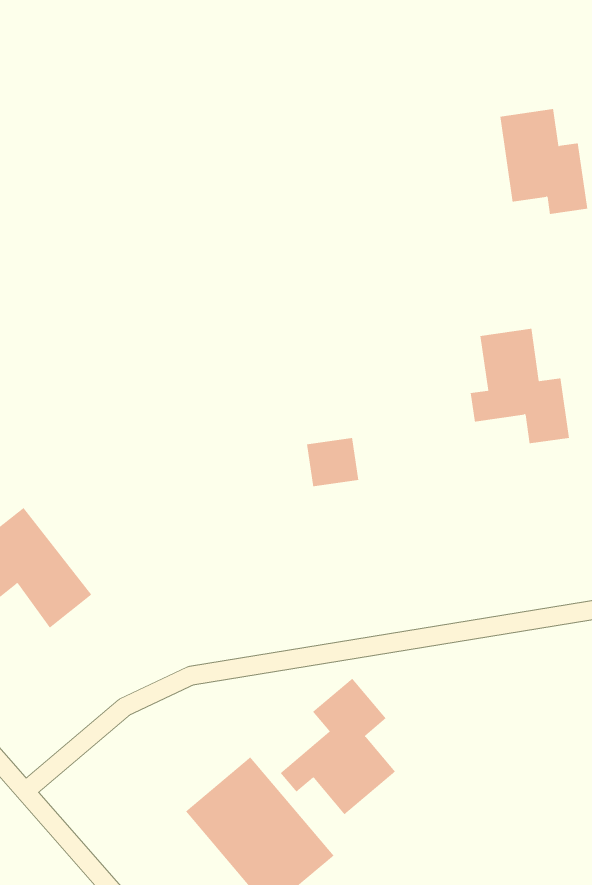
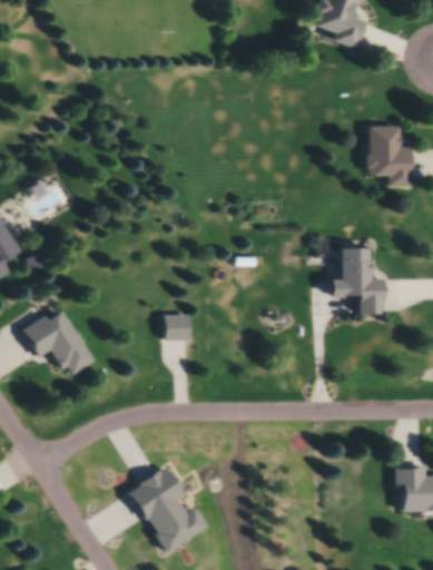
building: [306,437,359,487] -> [168,314,195,338]
building: [280,678,396,815] -> none

